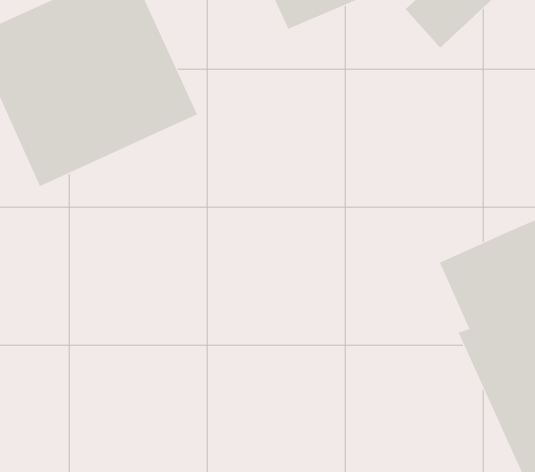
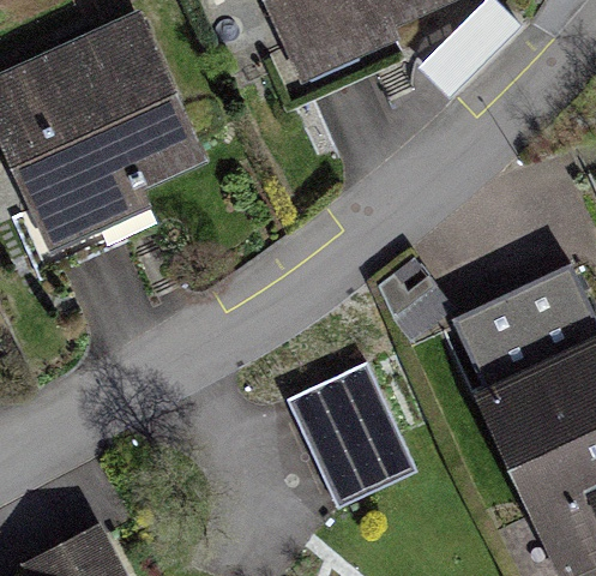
building: none -> [291,358,415,504]

